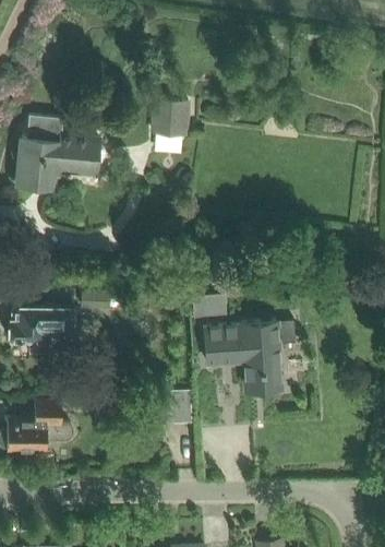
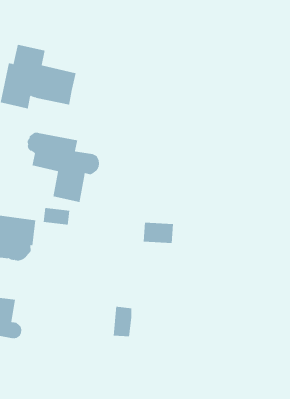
building: [151,98,191,136] -> none
building: none -> [27,132,100,203]
building: [203,322,293,392] -> none

